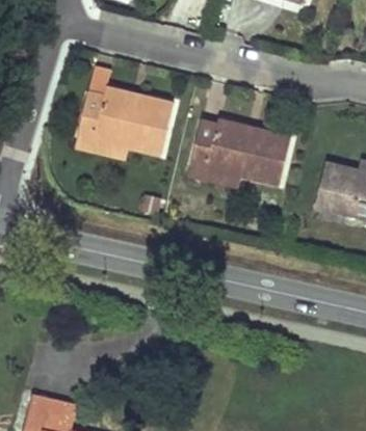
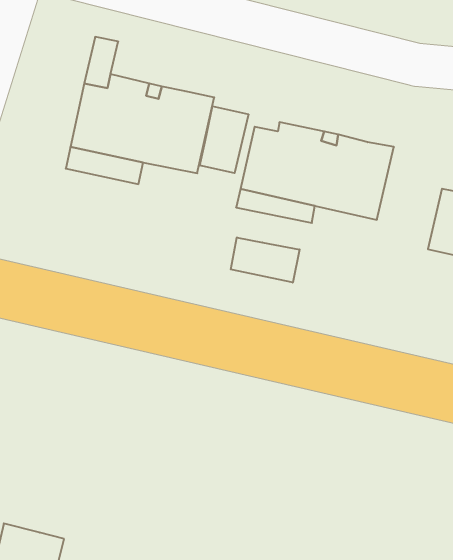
building: none -> [200,106,248,173]
building: none -> [231,237,300,283]

